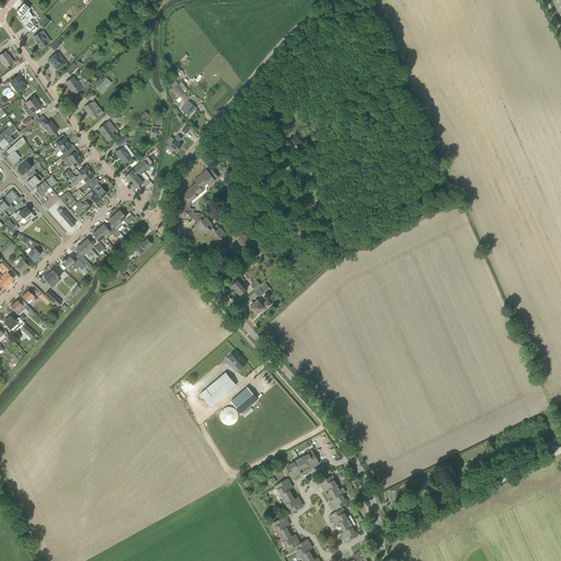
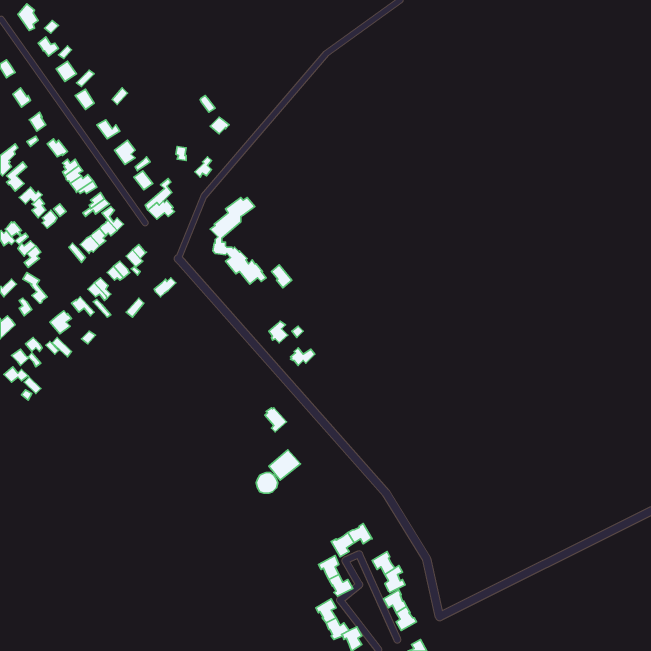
building: [199,373,236,405] -> none

